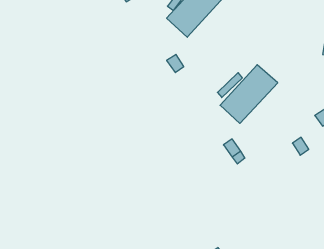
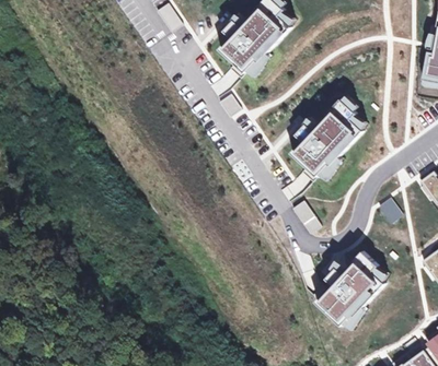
building: none -> [312,249,385,324]

